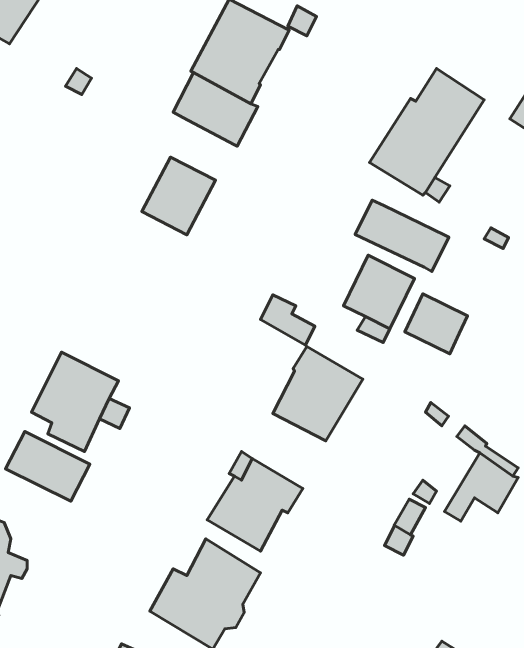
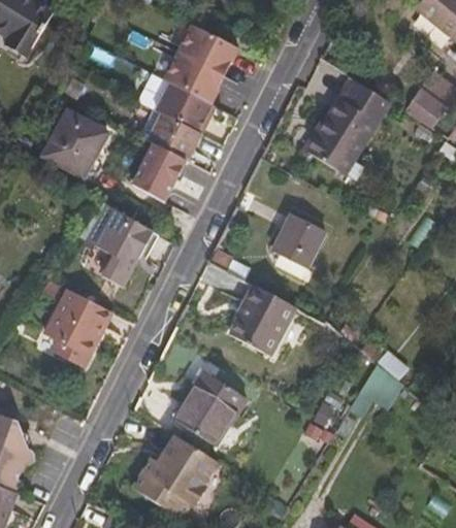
building: none -> [144,112,197,161]
building: none -> [35,122,102,191]
building: [355,200,449,271] -> none
building: none -> [72,201,151,288]
building: [405,294,468,354] -> none
building: [6,432,90,501] -> none

